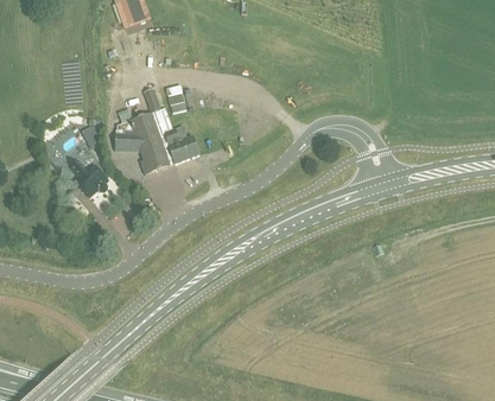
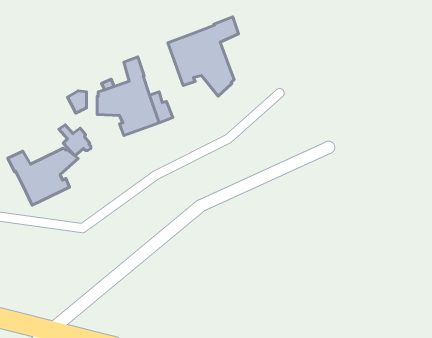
building: none -> [168,17,239,96]
building: none -> [8,148,78,205]

